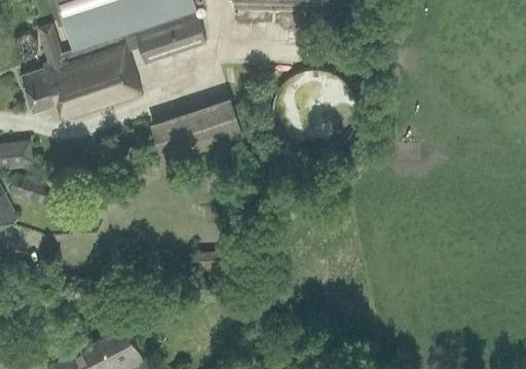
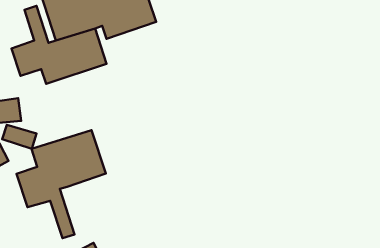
building: [150,97,242,162] -> none
building: none -> [17,130,106,238]

